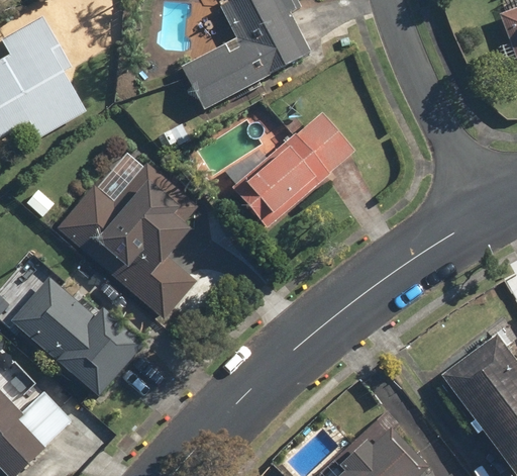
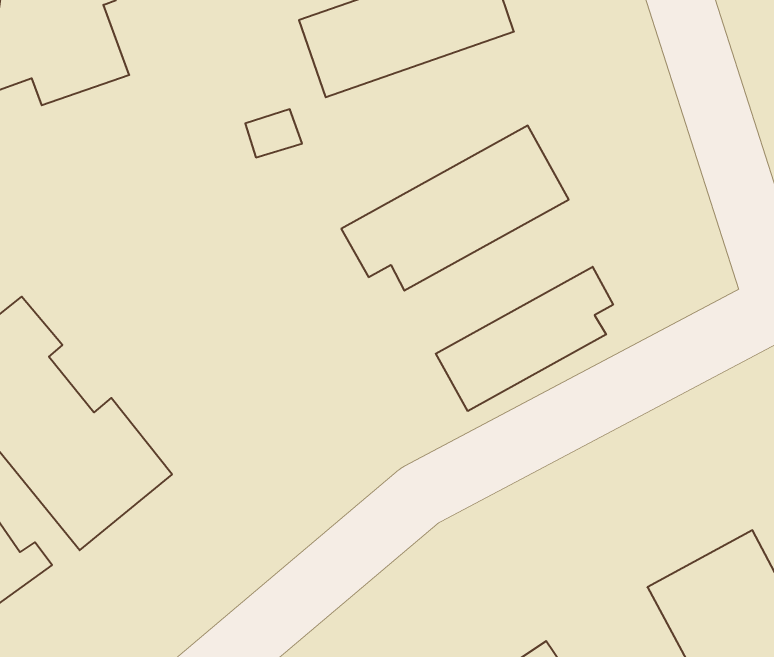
building: [56,161,199,318] -> none
building: none -> [436,267,613,411]

